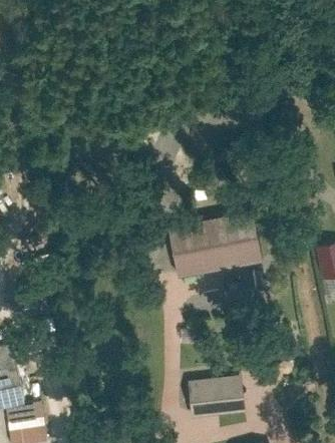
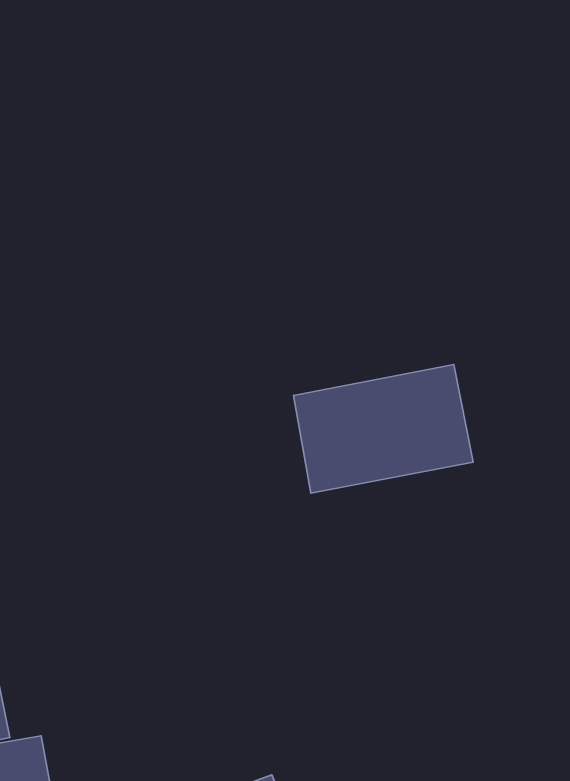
building: [189,376,245,419] -> none

